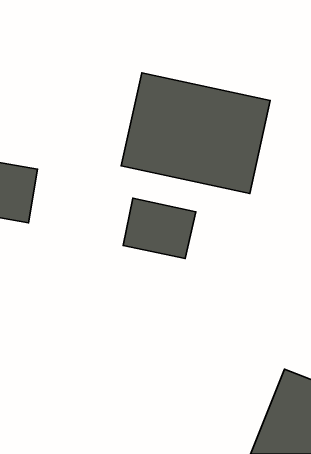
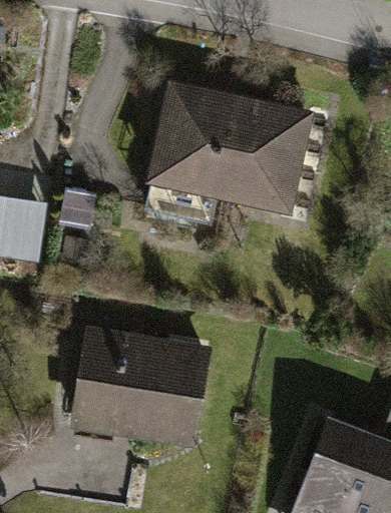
building: [123,198,196,259] -> none
building: none -> [69,327,214,449]

